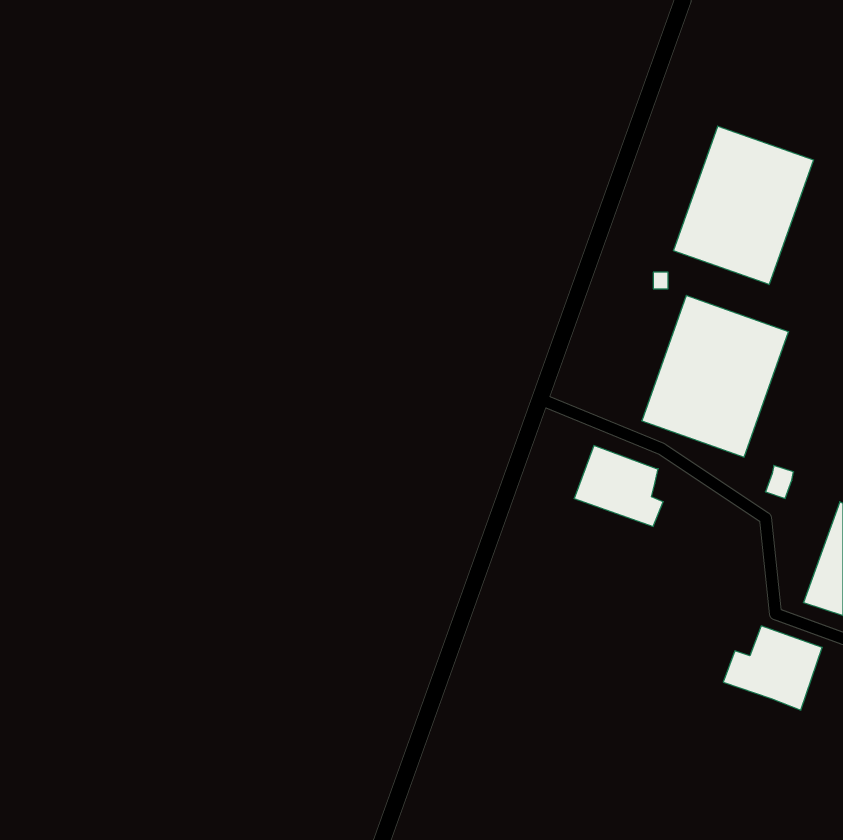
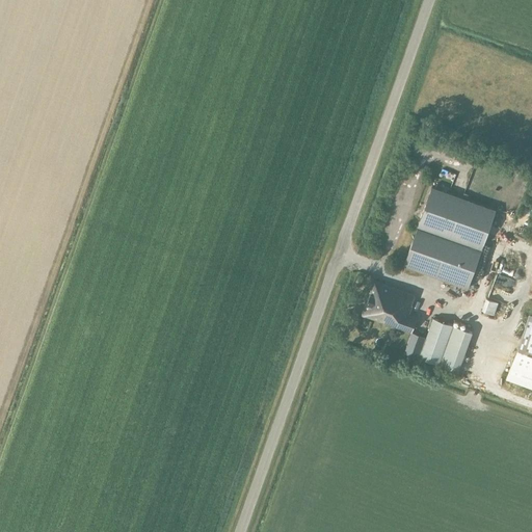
building: [673,126,813,285] -> none
building: [723,626,822,710] -> [409,320,472,373]

